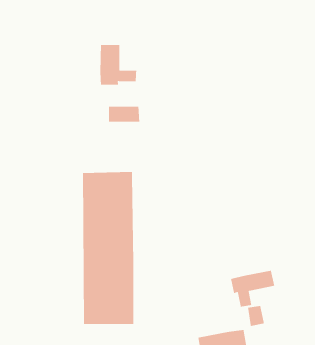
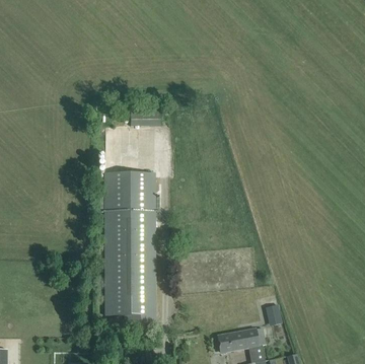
building: [99,44,137,85] -> none
building: [230,270,275,307] -> none

